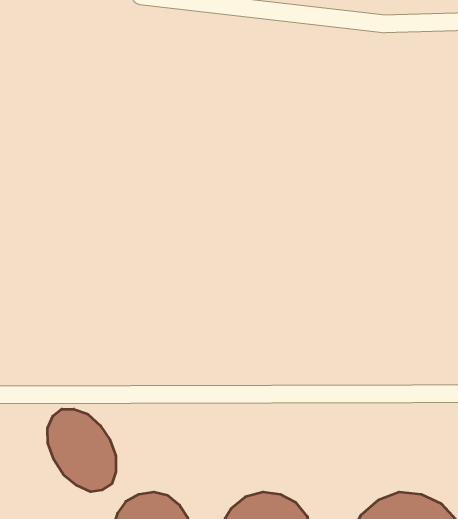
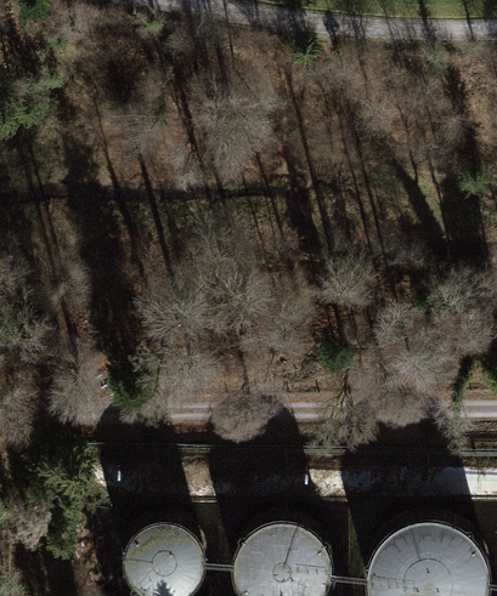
building: [48,409,116,492] -> none

